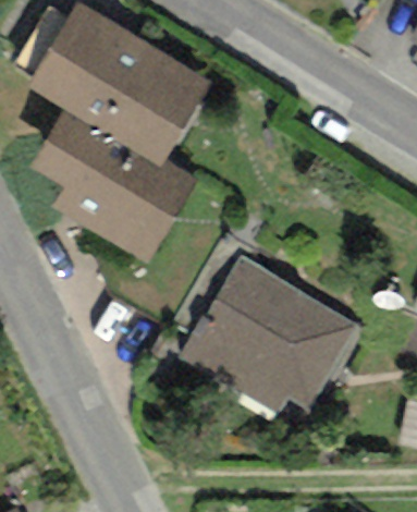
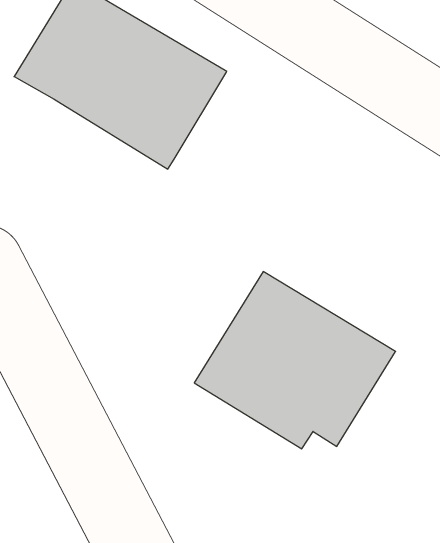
building: [24,106,198,263] -> none

